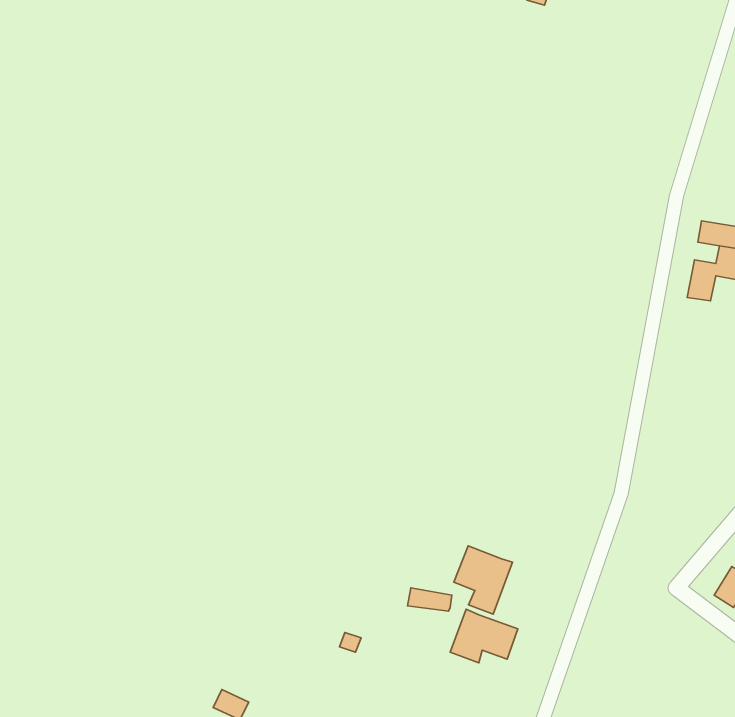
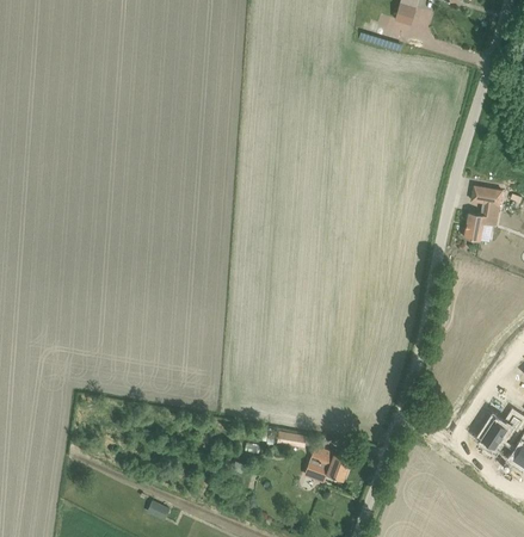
building: [454,546,512,614] -> none

